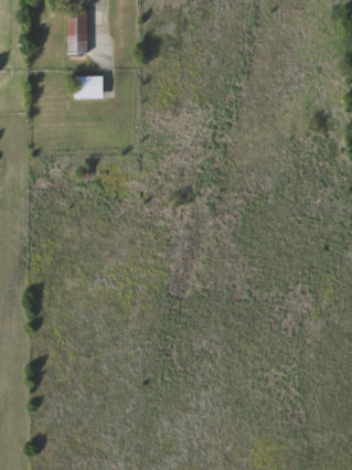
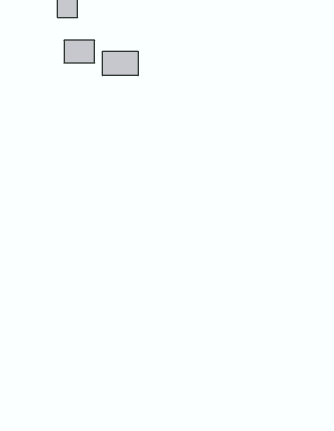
building: none -> [103,51,138,76]

